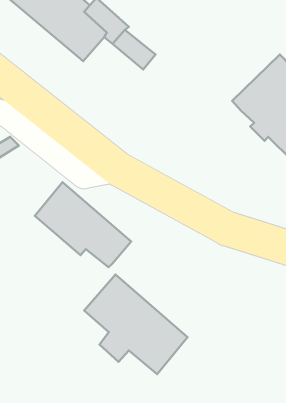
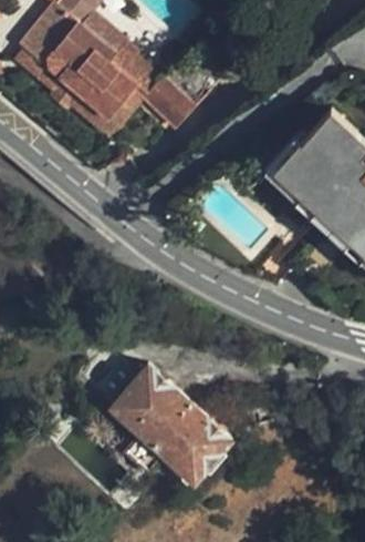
building: [35,182,131,267] -> none

